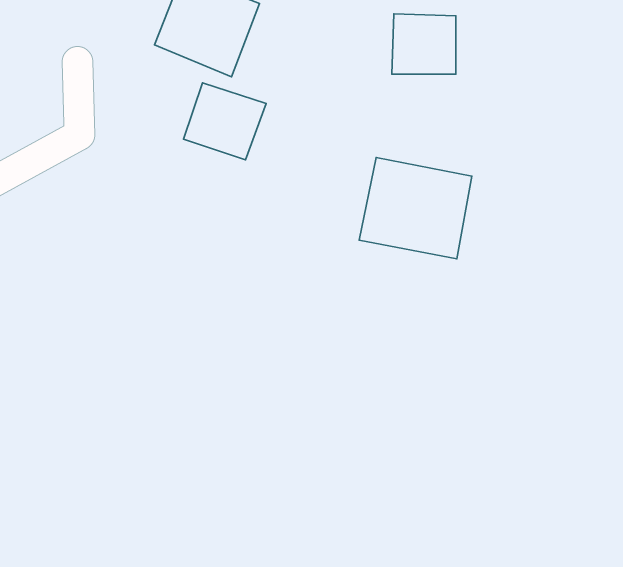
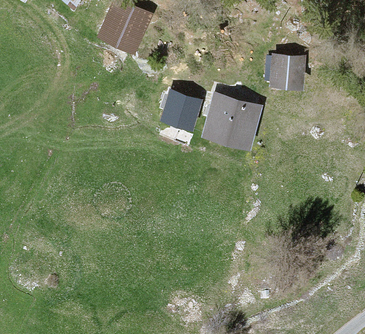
building: [392,14,456,74] -> [270,56,304,88]
building: [184,83,266,160] -> [157,90,201,131]

